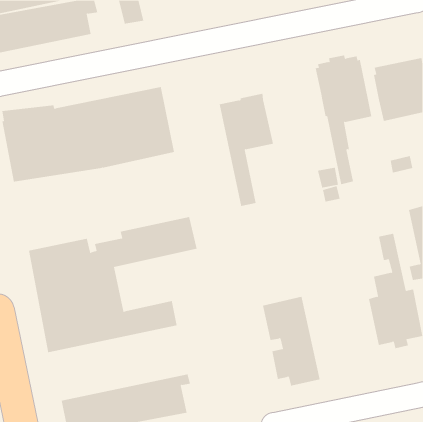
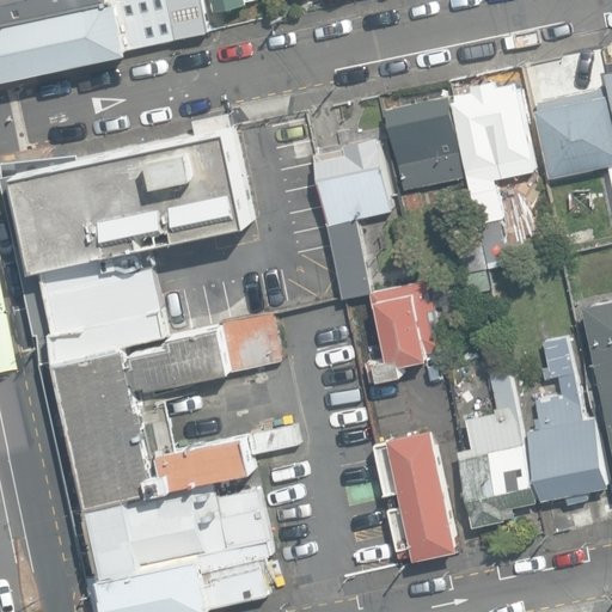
building: none -> [386,96,467,191]
building: none -> [19,246,166,365]
building: none -> [369,283,443,379]
building: none -> [458,372,538,527]
building: none -> [69,484,265,579]

